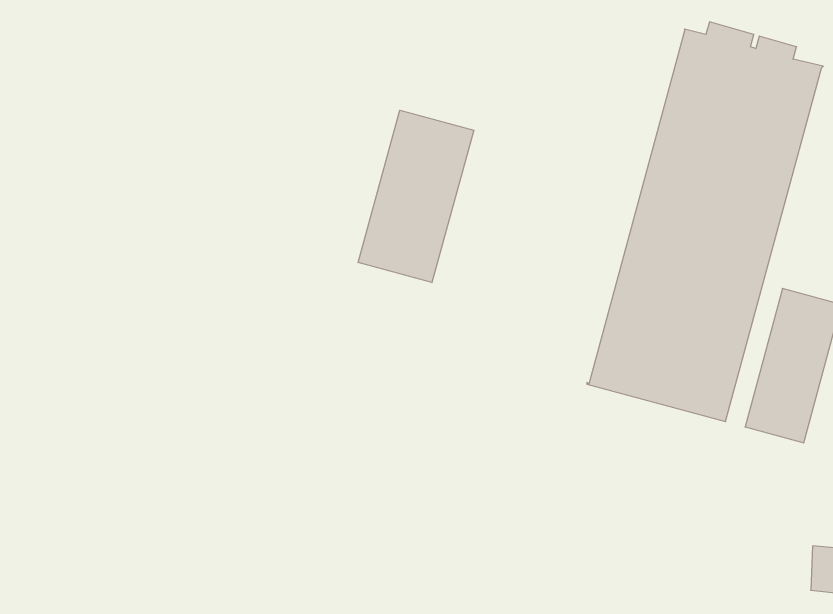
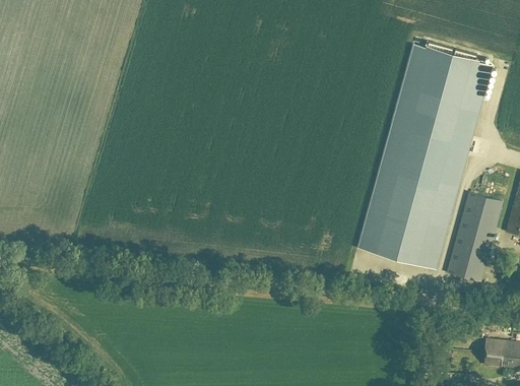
building: [358,110,474,283] -> none

